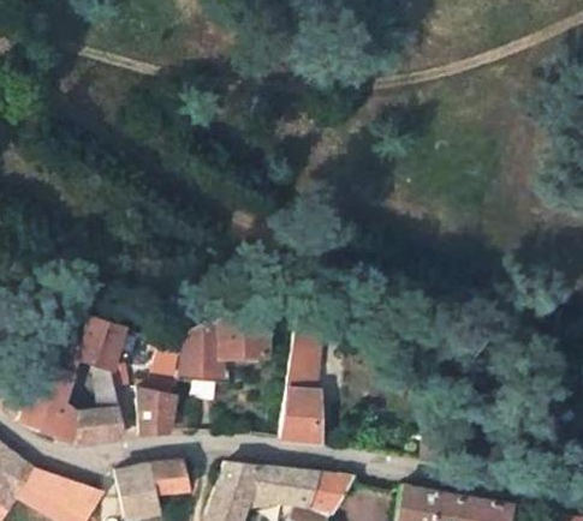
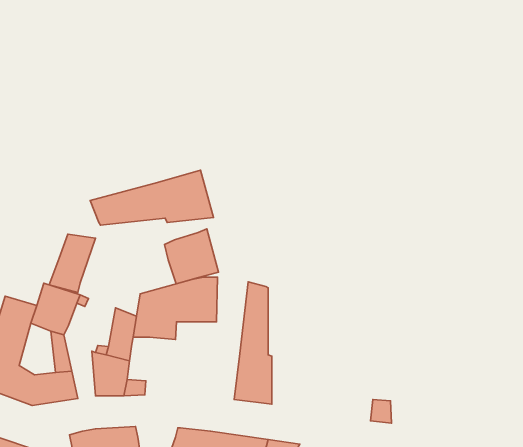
building: none -> [90,170,214,225]
building: none -> [165,229,219,284]
building: none -> [49,234,95,293]

